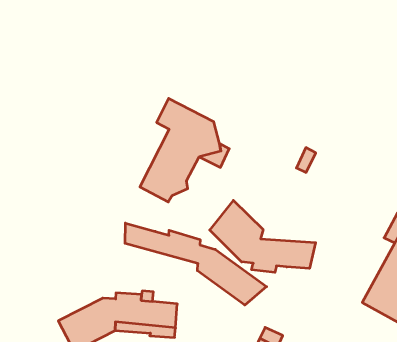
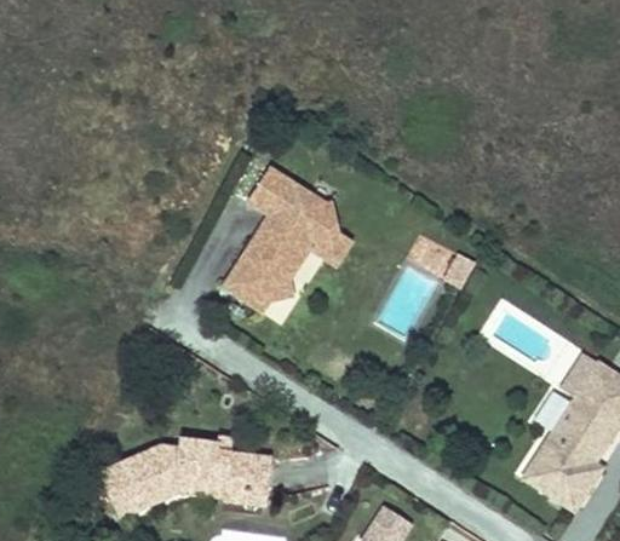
building: [210,200,316,272] -> none
building: [125,223,267,305] -> none

